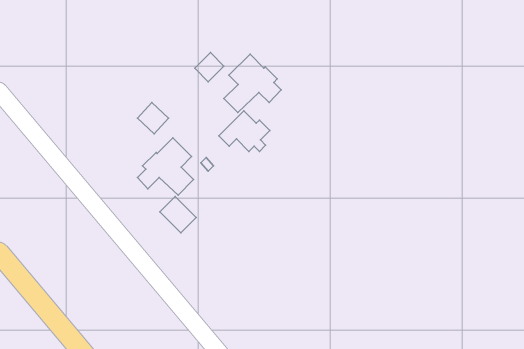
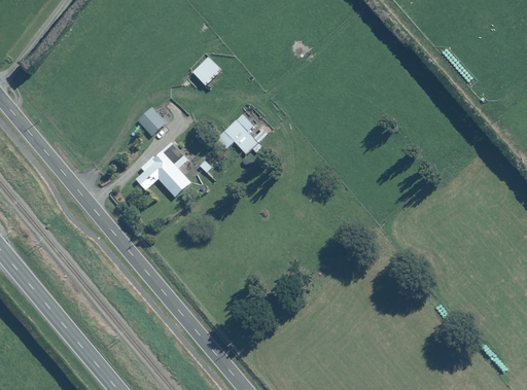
building: [224,54,281,113] -> none
building: [160,197,196,233] -> none

